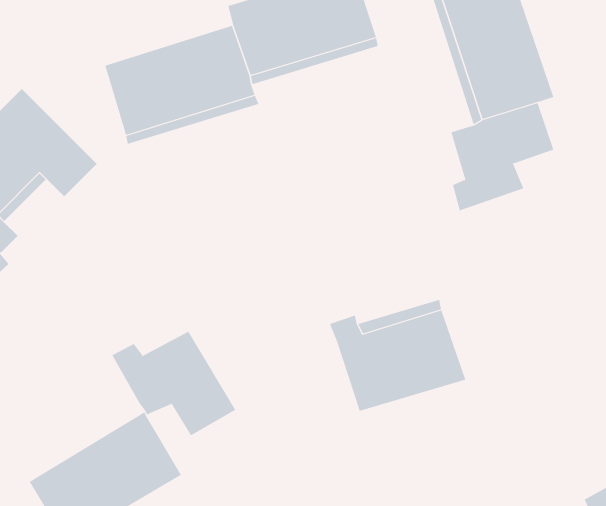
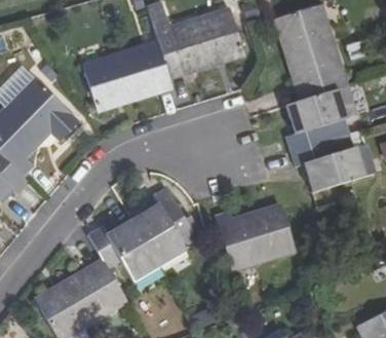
building: none -> [291,137,364,190]
building: none -> [132,187,195,266]

